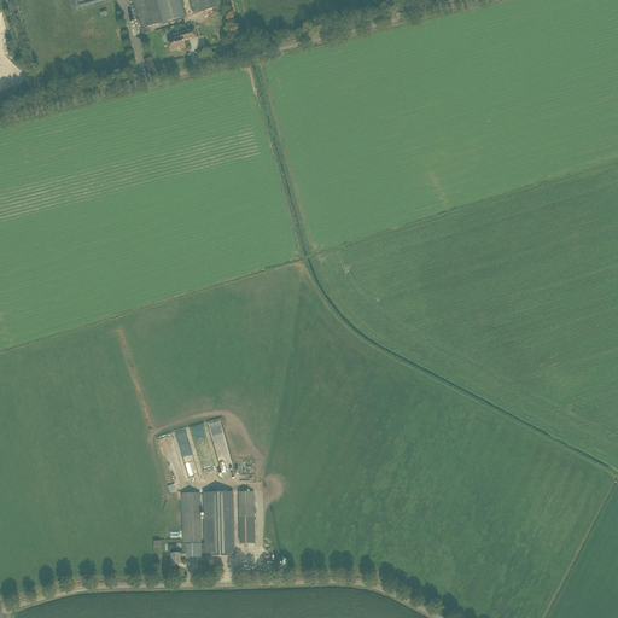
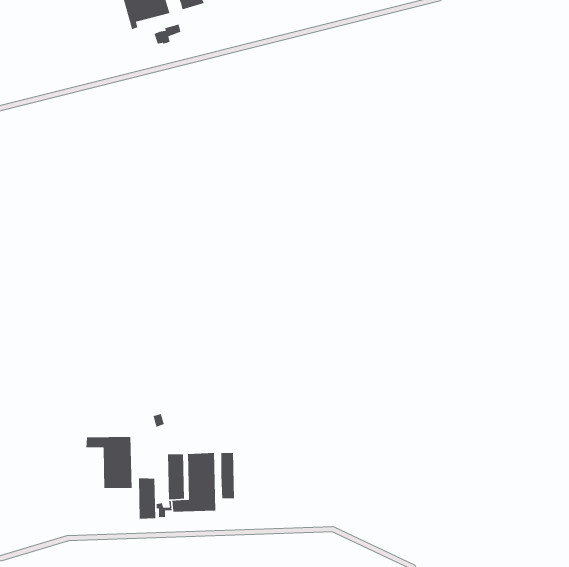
building: none -> [86,436,132,489]
building: none -> [138,478,156,519]

